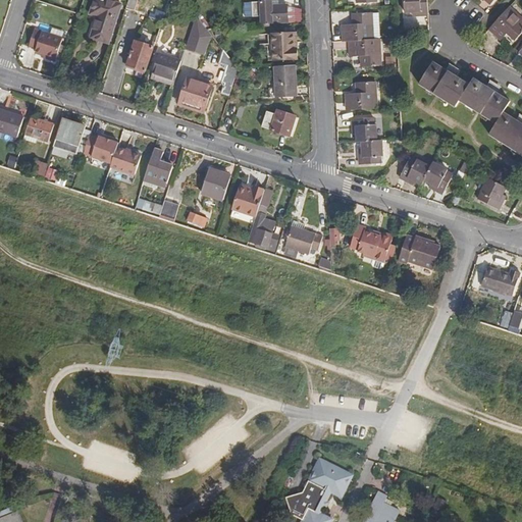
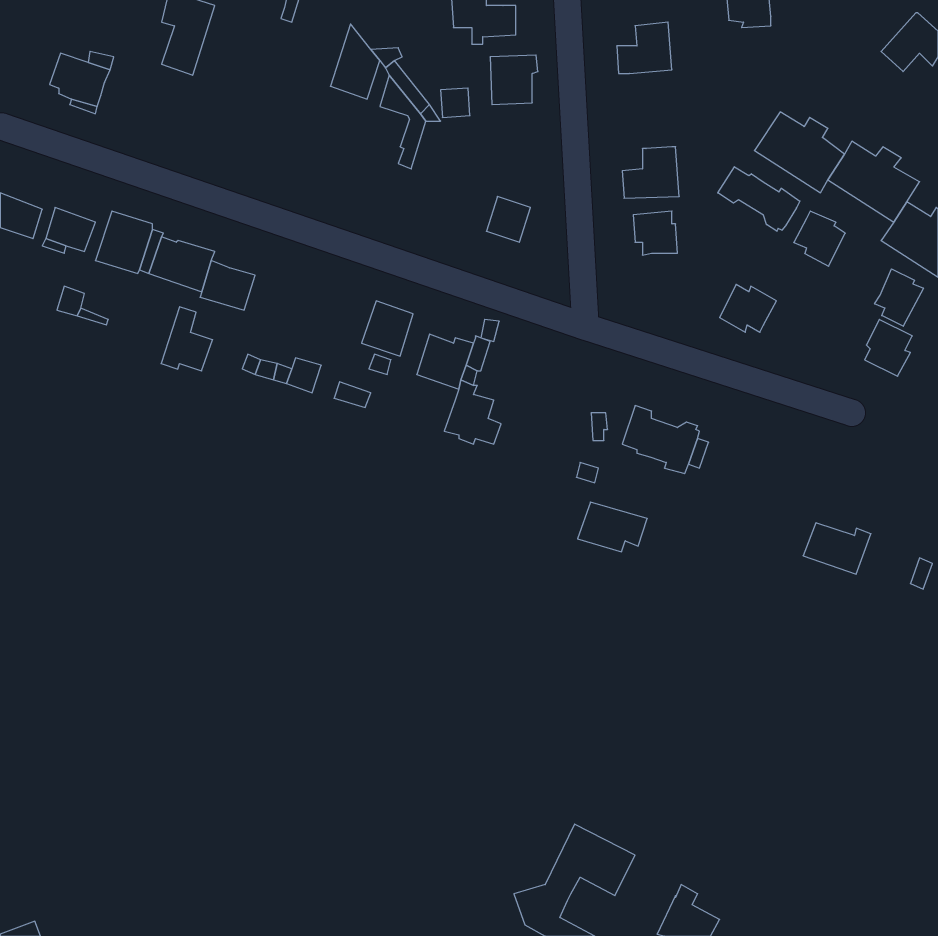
building: [125,39,152,69] -> none
building: [350,39,380,66] -> none
building: [151,52,179,84] -> none
building: [273,63,296,96] -> none
building: [179,77,211,108] -> none
building: none -> [718,167,800,231]
building: [359,140,382,164] -> none
building: [144,147,172,182] -> [161,307,213,371]
building: none -> [875,269,923,326]
building: [424,163,453,194] -> [794,211,845,266]
building: [283,224,322,252] -> [578,502,647,552]
building: [395,234,434,271] -> none
building: [478,269,516,298] -> [803,523,871,574]

